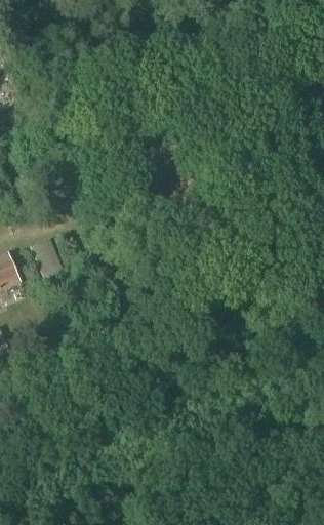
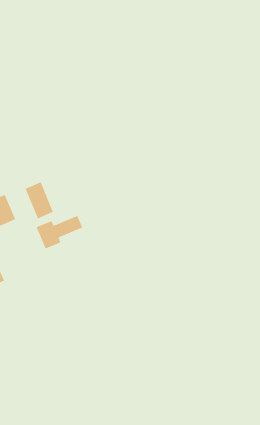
building: none -> [36,215,83,249]

